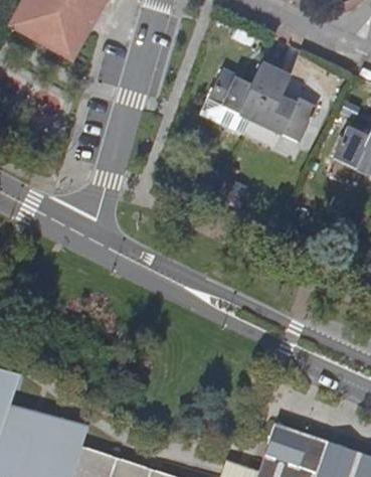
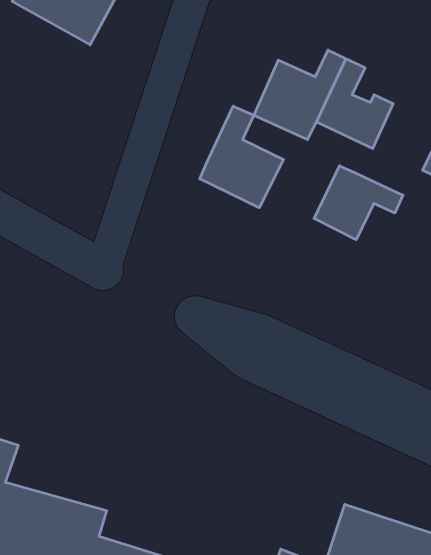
building: none -> [200,106,284,208]
building: none -> [314,166,403,240]

